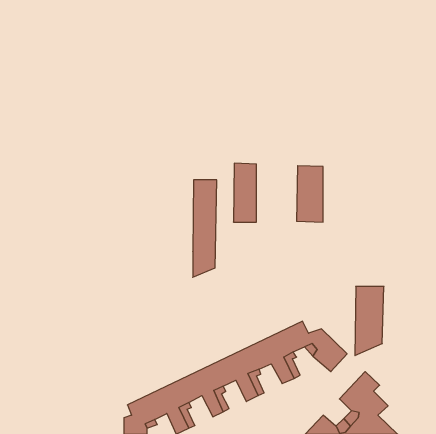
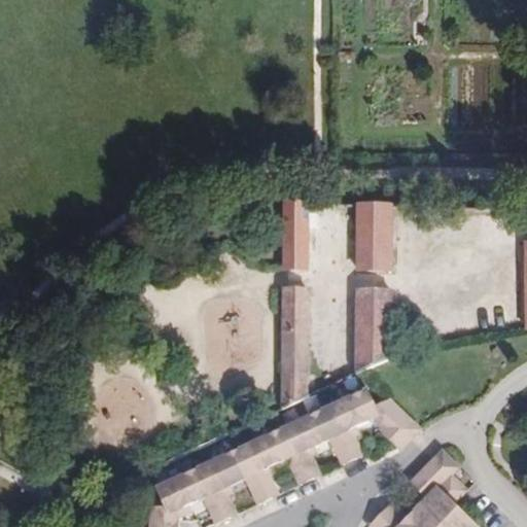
building: [193,180,217,277] -> [280,285,309,402]
building: [355,286,384,356] -> [355,287,390,371]

